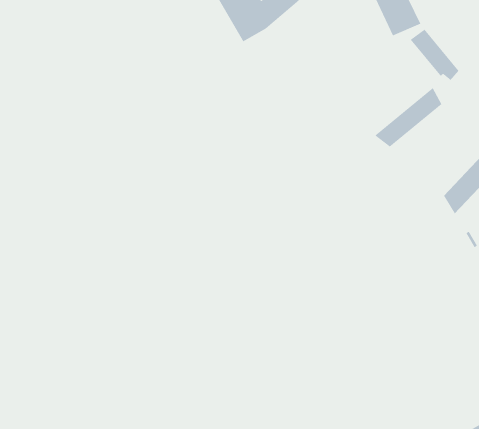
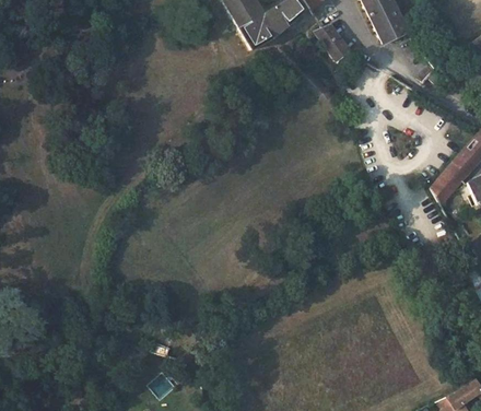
building: none -> [316,25,351,62]
building: [374,87,442,147] -> none

